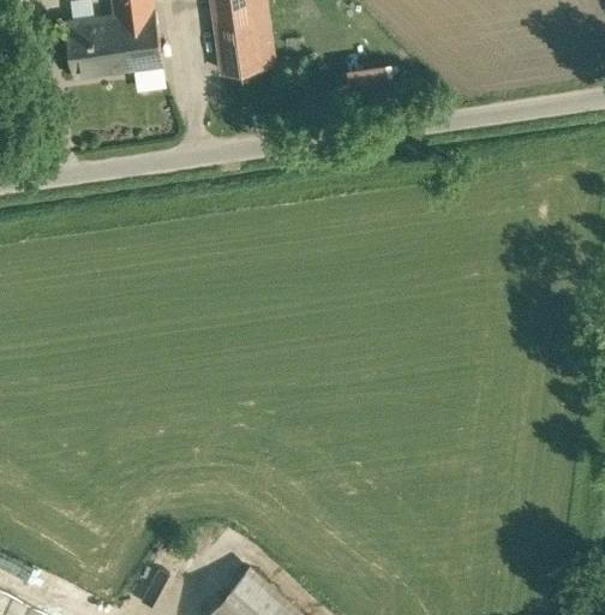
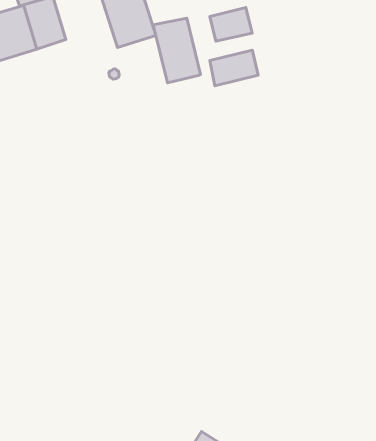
building: none -> [153,18,200,83]
building: none -> [210,50,258,86]

